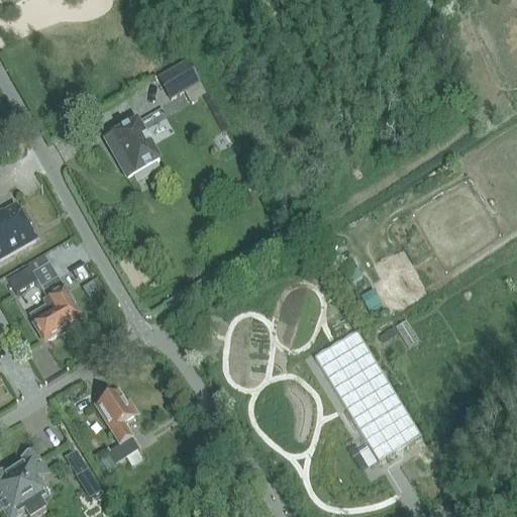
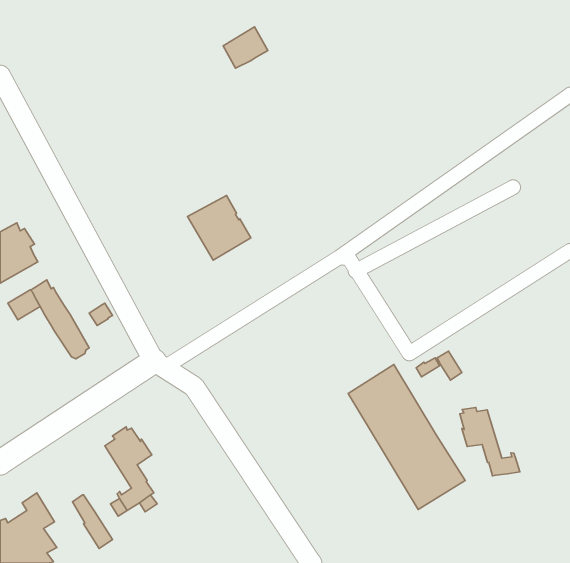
building: [160,59,200,96] -> [223,27,268,68]
building: [104,118,162,177] -> [187,195,251,260]
building: [28,295,65,337] -> none
building: none -> [460,408,520,476]

